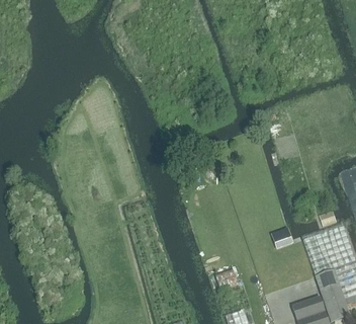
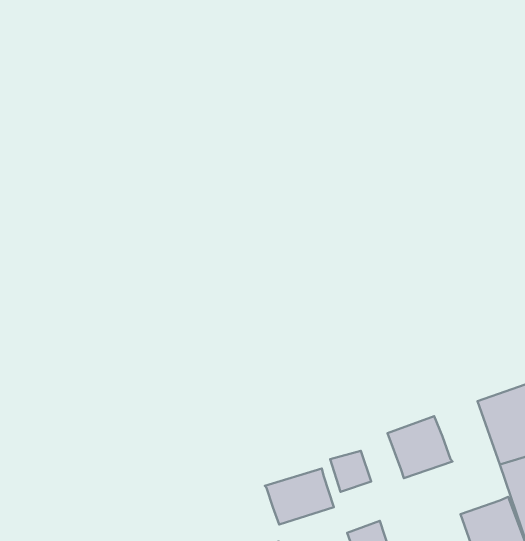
building: none -> [388,416,452,478]
building: none -> [265,469,334,524]

